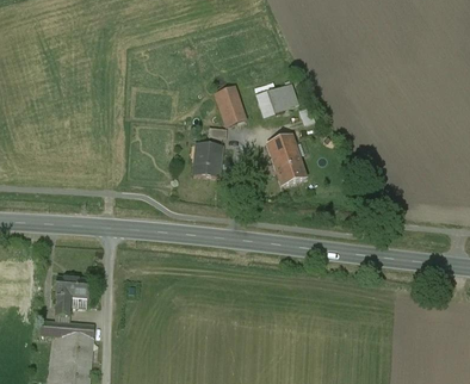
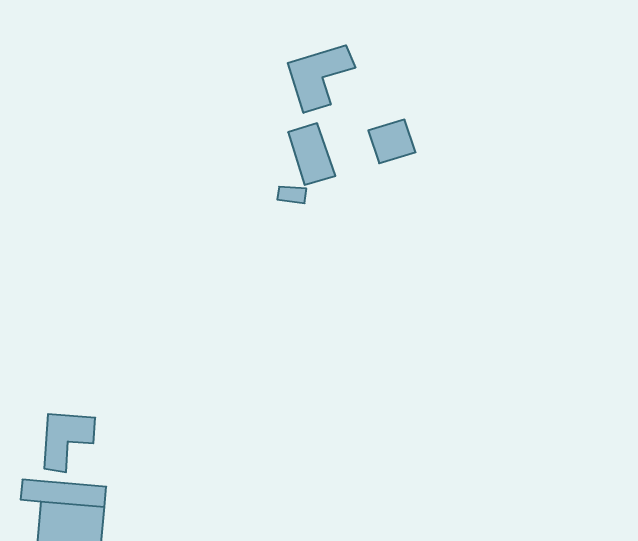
building: none -> [288,45,355,113]
building: [267,134,305,186] -> none
building: [193,143,222,176] -> none

